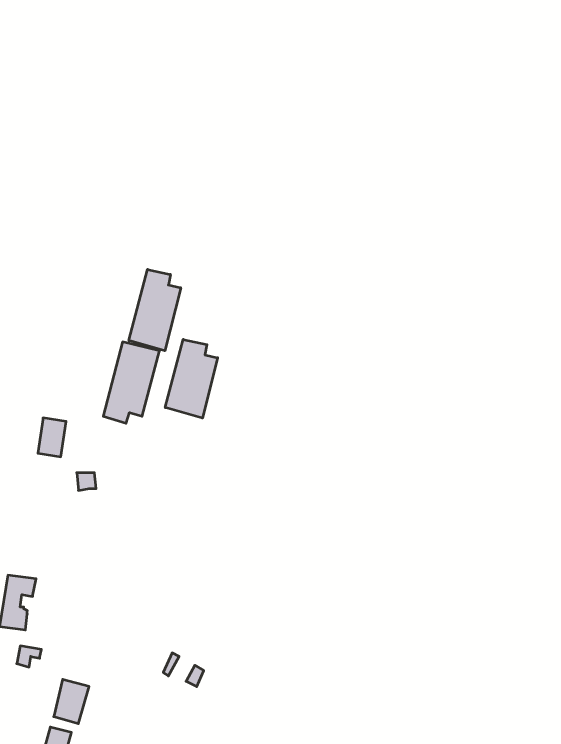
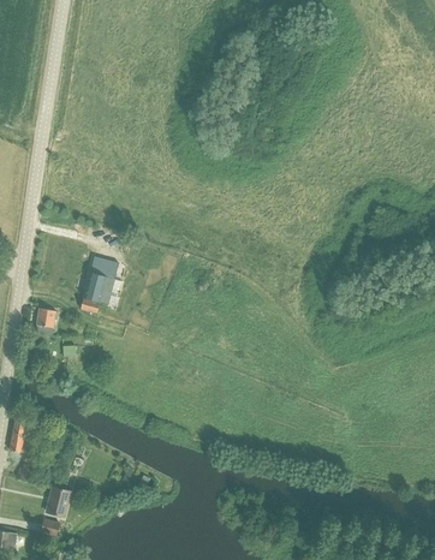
building: [129,269,181,351] -> none
building: [165,339,218,418] -> none

